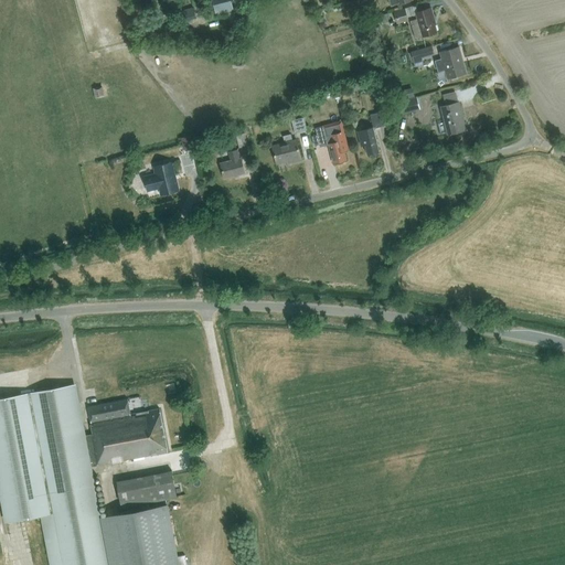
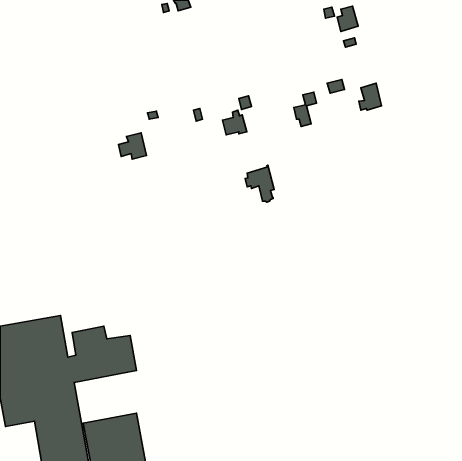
building: [438,47,467,81] -> none
building: [312,120,348,166] -> [245,165,274,202]
building: [220,150,245,180] -> none
building: [117,467,179,504] -> none

